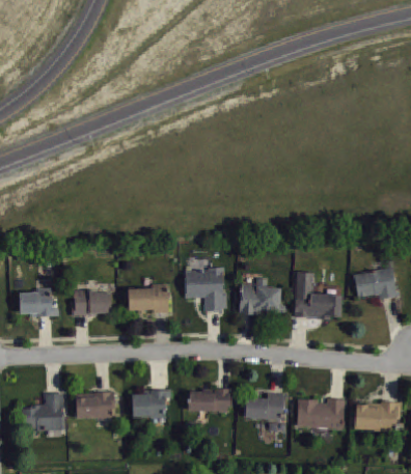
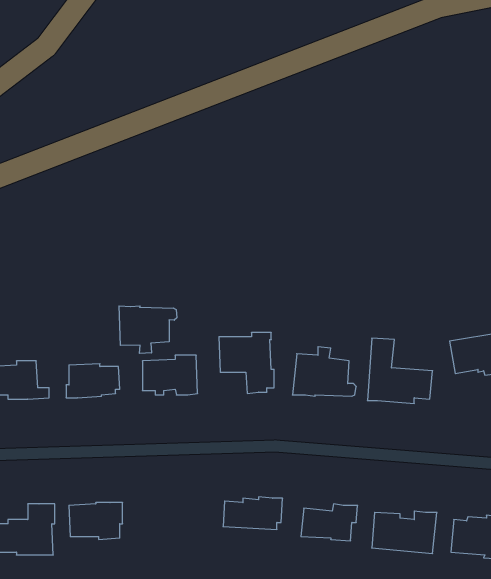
building: none -> [119,306,177,353]
building: [132,390,171,418] -> none

